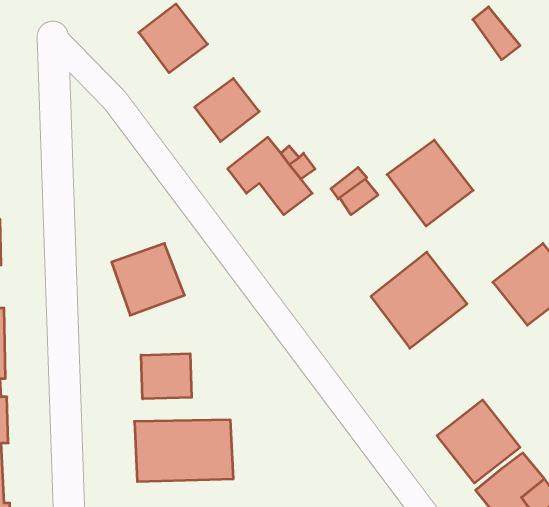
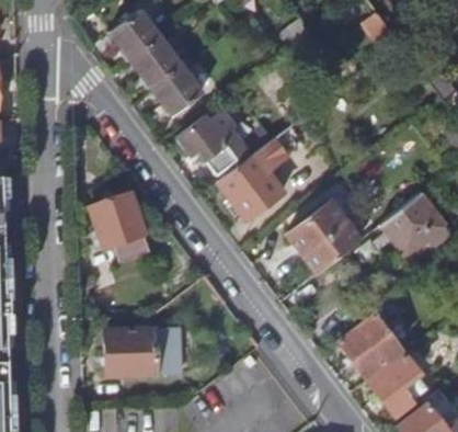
building: none -> [131,41,181,89]
building: [387,140,473,226] -> [217,154,283,219]
building: [141,354,192,399] -> none

